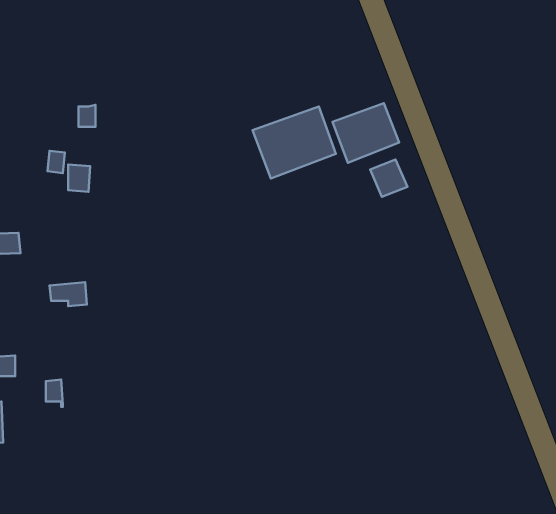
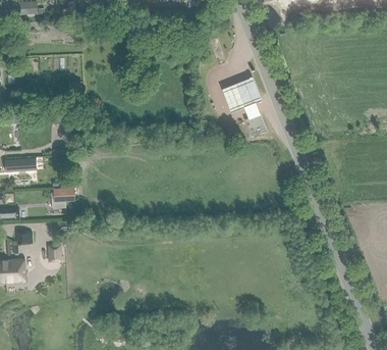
building: [253,107,336,179] -> none

